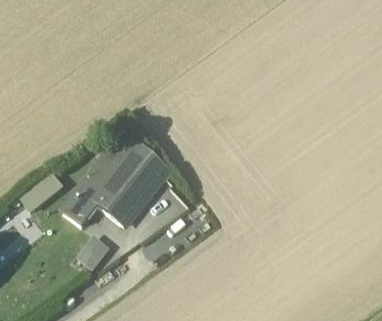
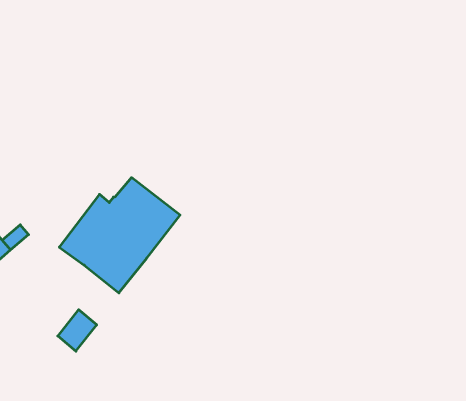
building: [65,191,99,226] -> none

